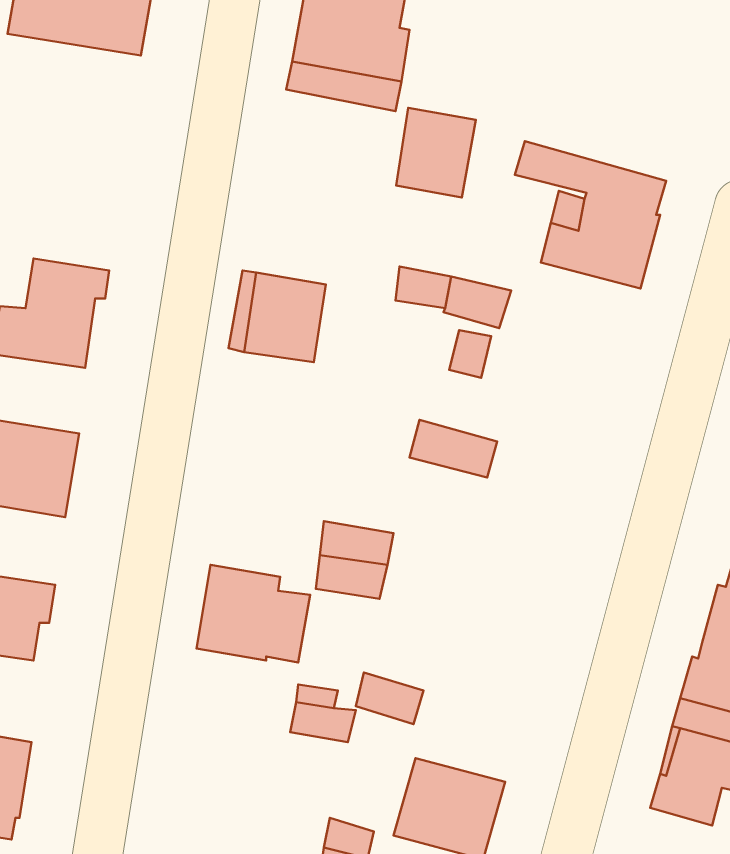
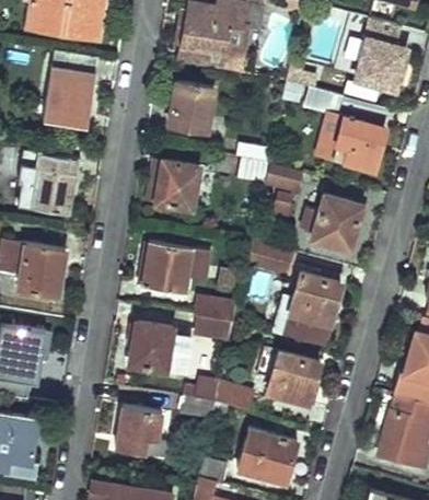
building: none -> [356,37,406,92]
building: none -> [44,51,96,126]
building: [396,108,476,197] -> [170,83,213,132]
building: none -> [301,194,363,251]
building: none -> [142,242,193,293]
building: none -> [285,274,341,346]
building: none -> [273,351,320,403]
building: none -> [115,407,169,460]

